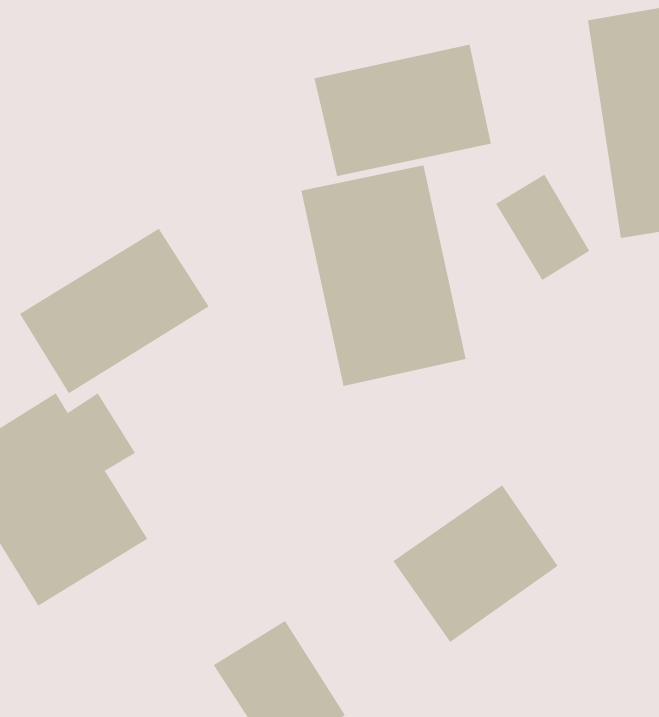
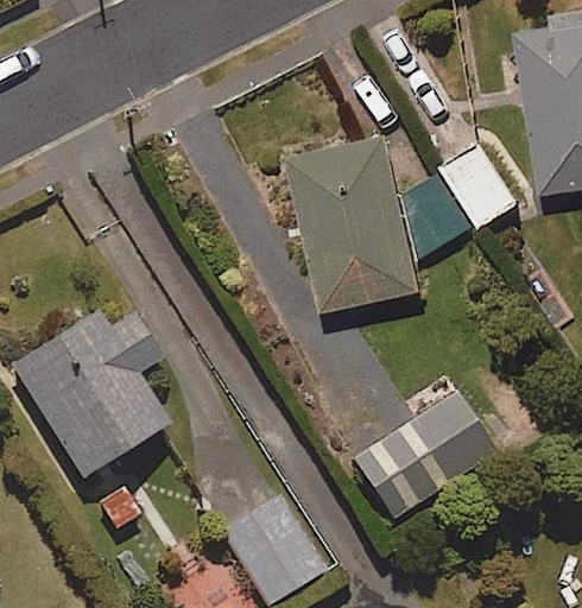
building: [314,44,492,177] -> none
building: [19,228,209,394] -> none

